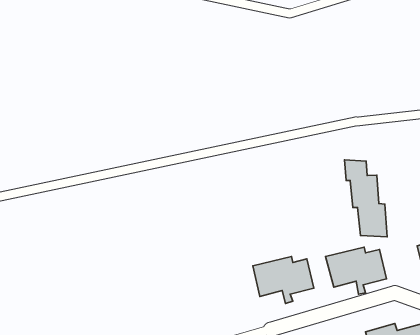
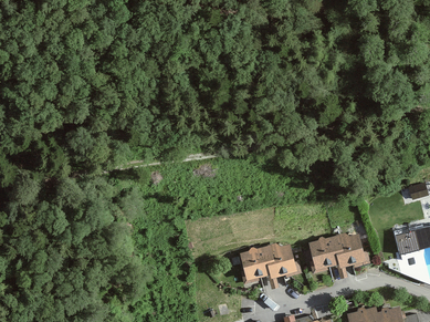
building: [344,160,387,237] -> none

